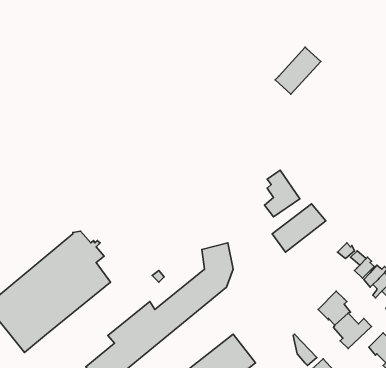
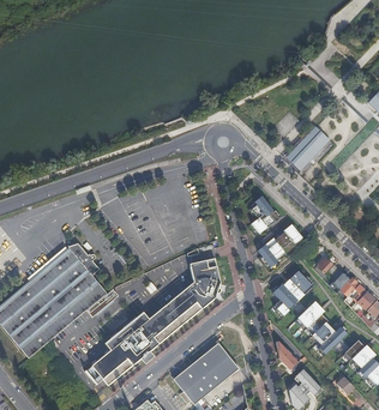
building: [275,47,321,94] -> [287,126,329,169]
building: none -> [272,270,312,316]

